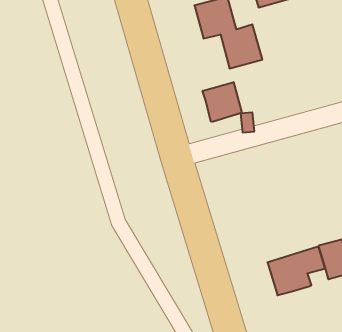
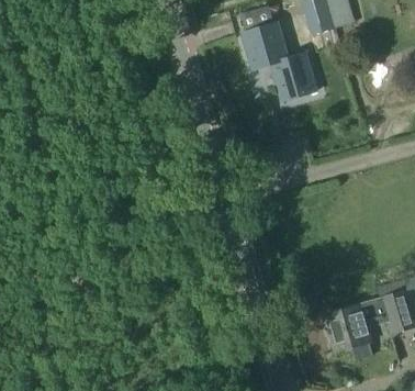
building: [203,82,242,122] -> none

